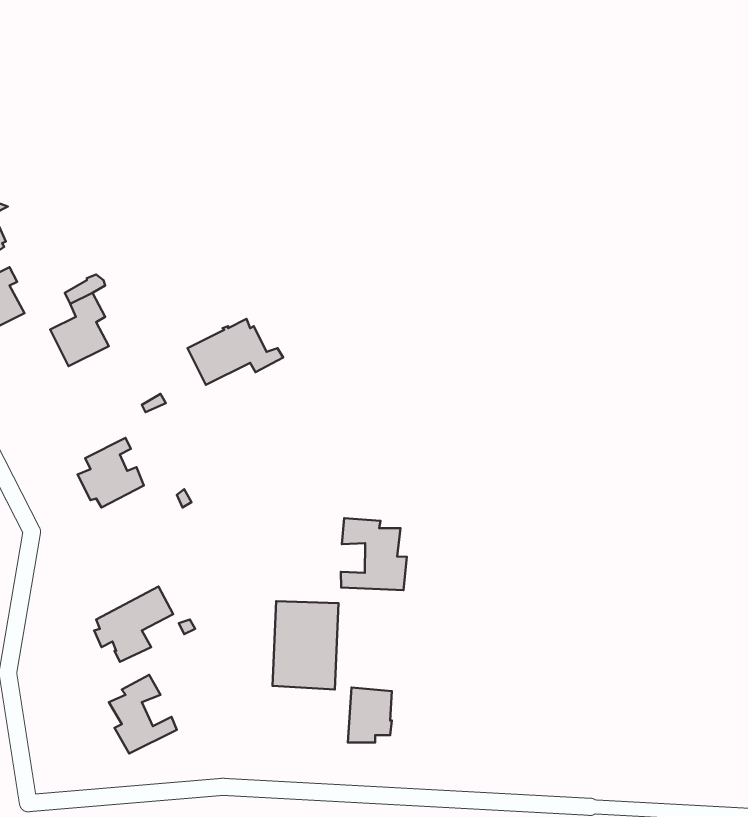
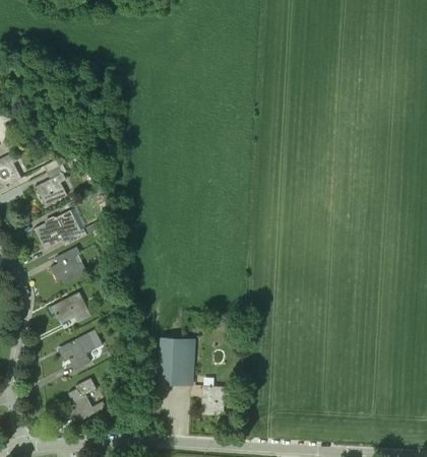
building: [188,319,283,385] -> [35,212,87,249]
building: [341,518,407,590] -> none
building: none -> [51,290,92,324]

